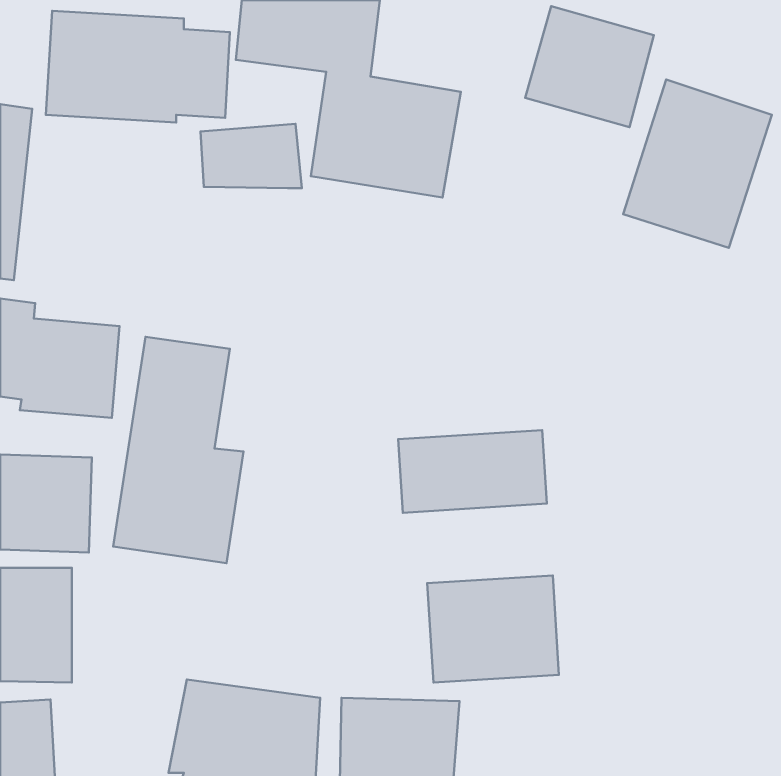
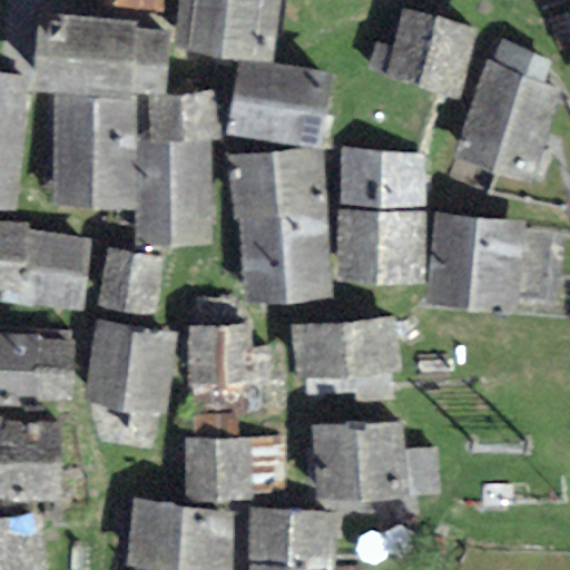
building: none -> [53,98,134,207]
building: none -> [138,140,210,243]
building: none -> [340,151,425,279]
building: none -> [234,153,335,299]
building: none -> [428,214,525,309]
building: none -> [187,325,278,382]
building: none -> [183,439,250,501]

